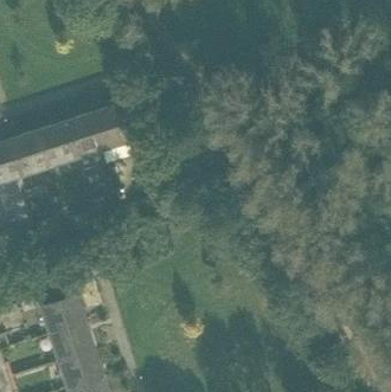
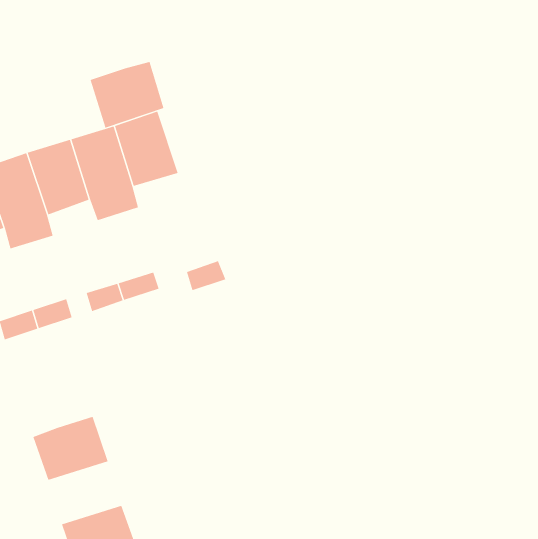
building: none -> [90,61,164,128]
building: [47,322,94,361] -> none

